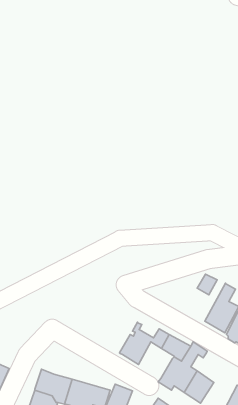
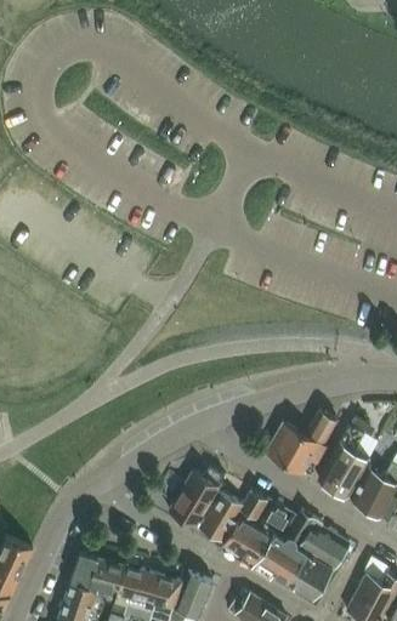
building: none -> [265,423,327,473]
building: none -> [170,467,225,528]
building: none -> [222,517,271,564]
building: none -> [297,526,348,572]

